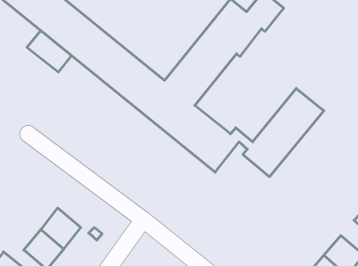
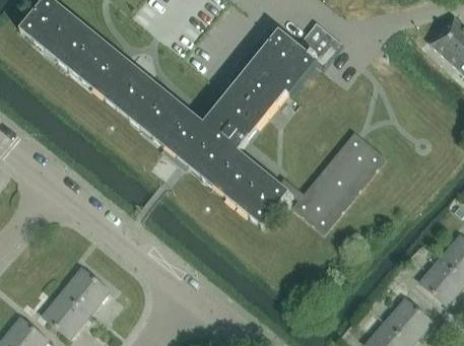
building: [27,31,71,72] -> none

